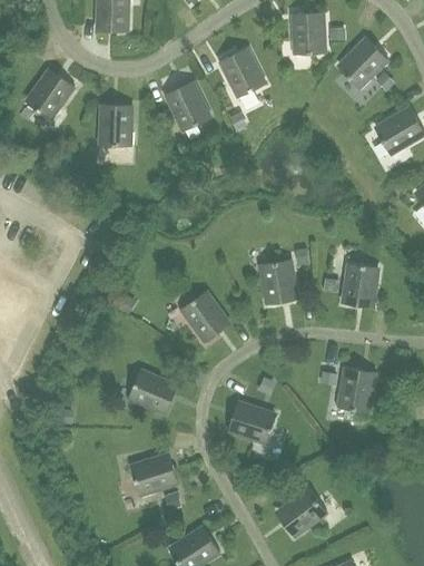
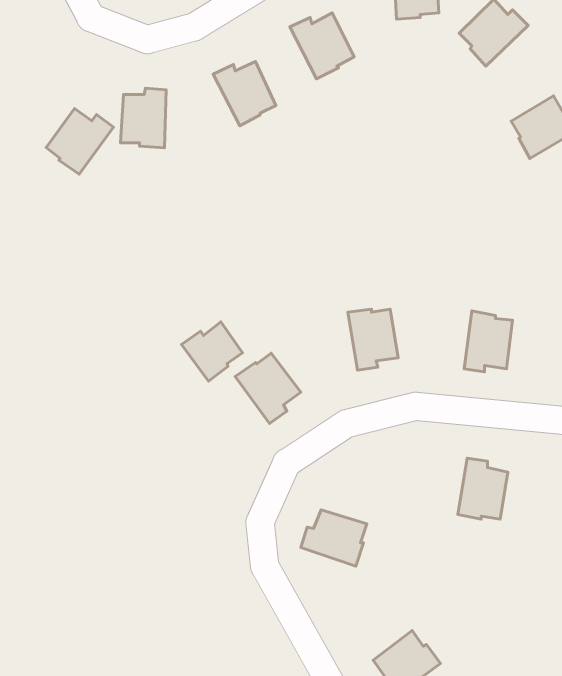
building: [27,71,75,118] -> [46,108,114,174]
building: none -> [181,322,242,381]
building: [128,370,174,413] -> none
building: [131,455,178,495] -> none

